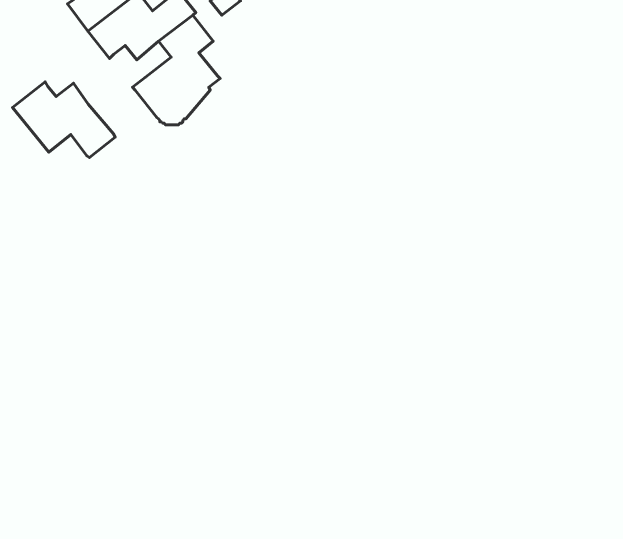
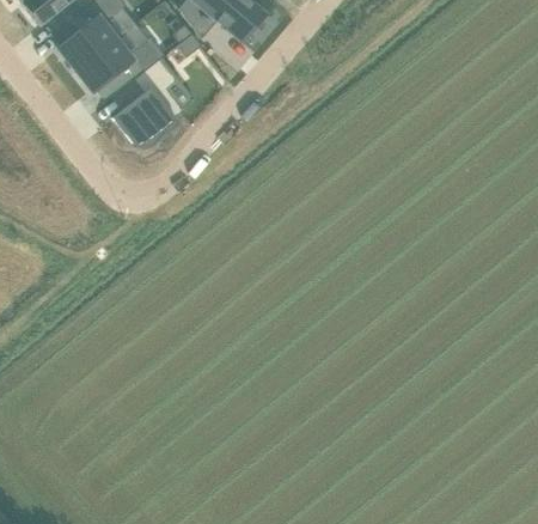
building: [13,82,115,157] -> none

